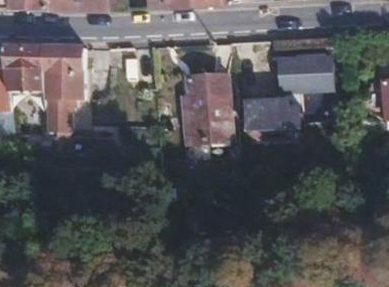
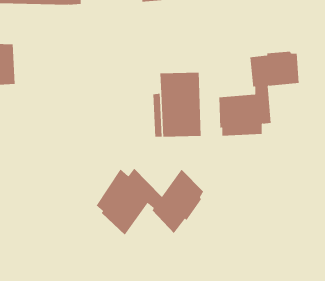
building: [38,47,85,133] -> none
building: none -> [96,168,204,236]

